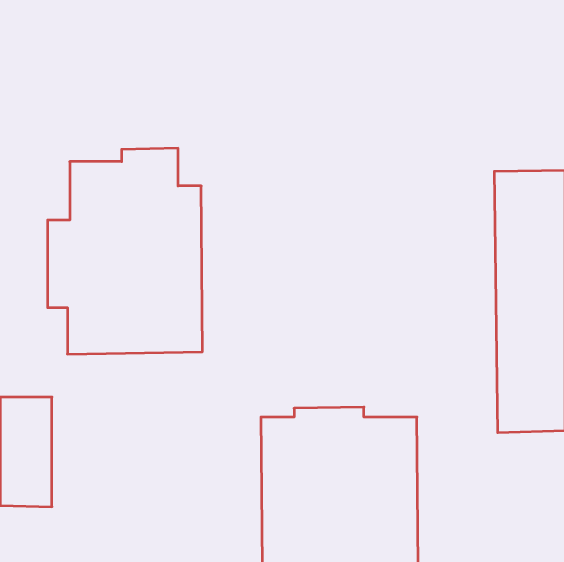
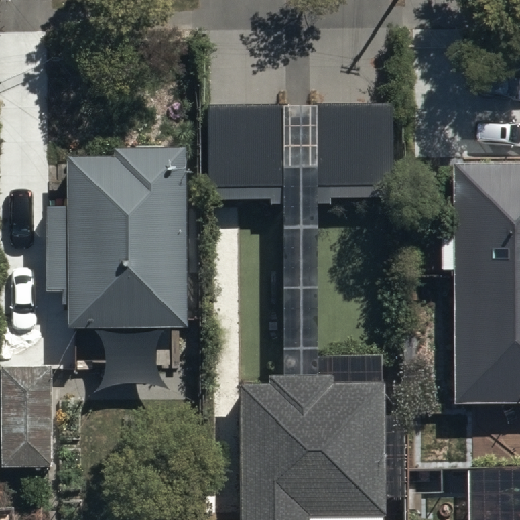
building: none -> [209,106,394,203]

